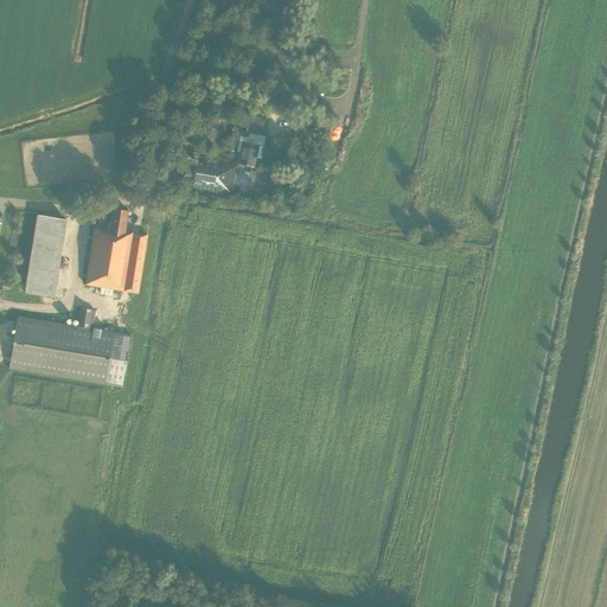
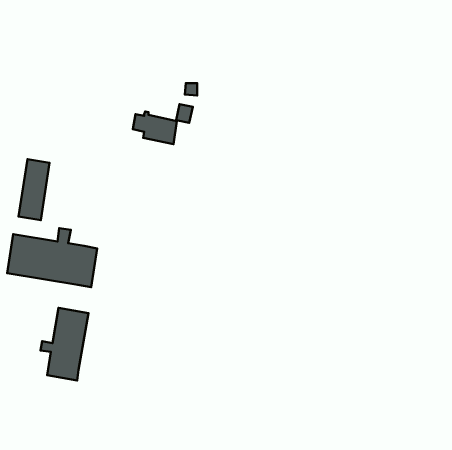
building: [85,206,147,294] -> none
building: none -> [41,308,89,381]

